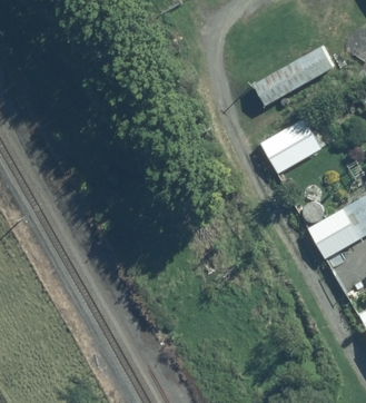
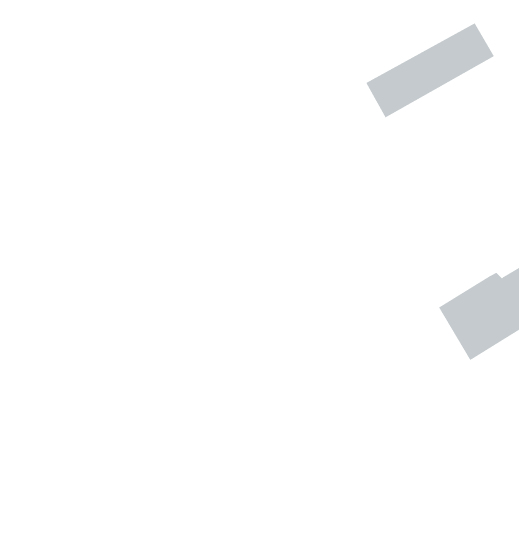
building: [261,118,319,169] -> none

